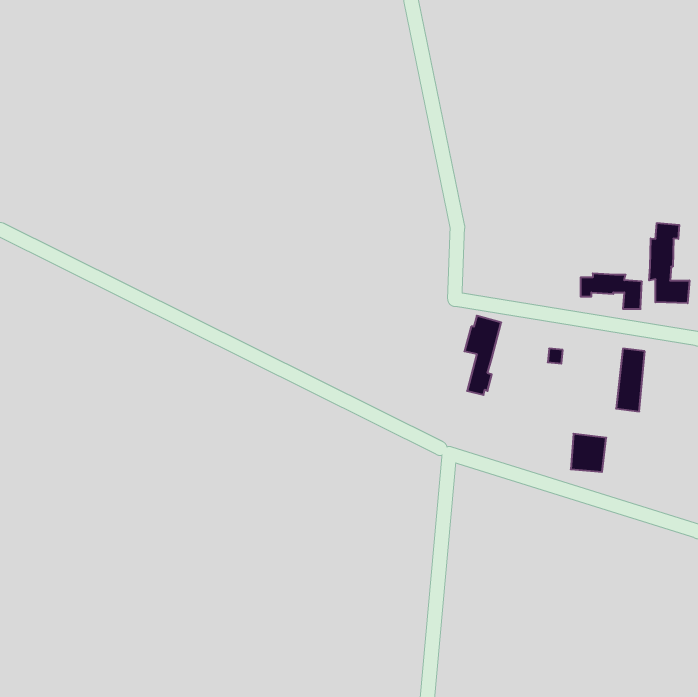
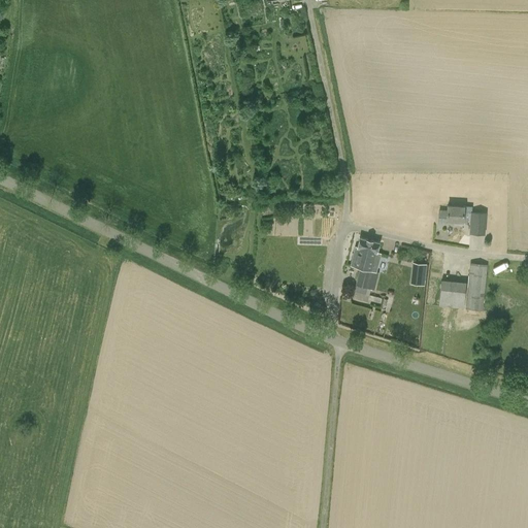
building: [649,223,689,303] -> none
building: [571,434,606,472] -> [439,280,466,309]

